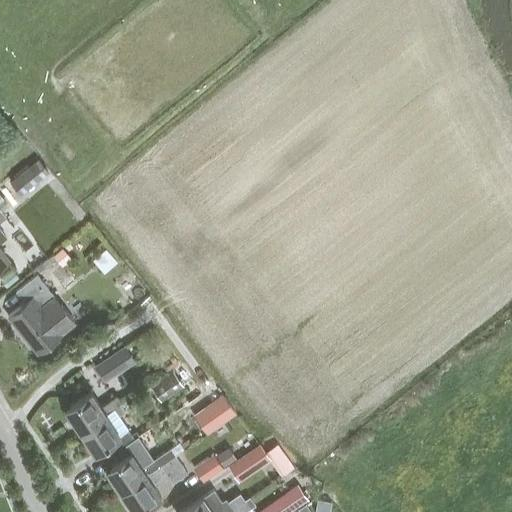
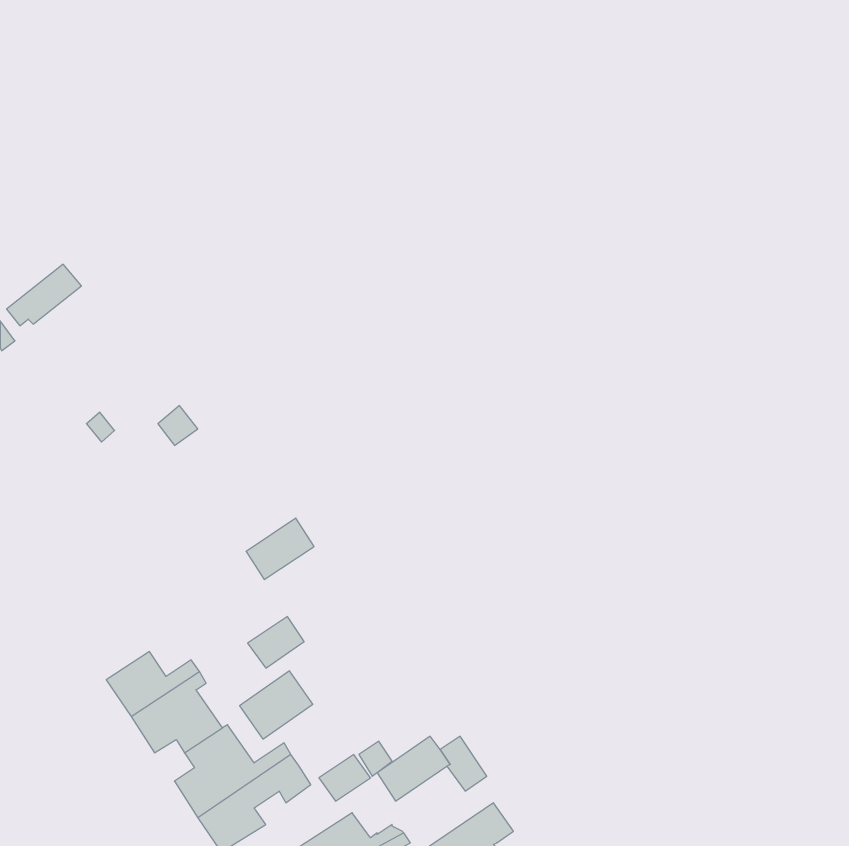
building: [8,276,74,354] -> none
building: [94,347,135,384] -> [246,518,314,580]
building: [192,396,236,437] -> [240,671,313,739]

